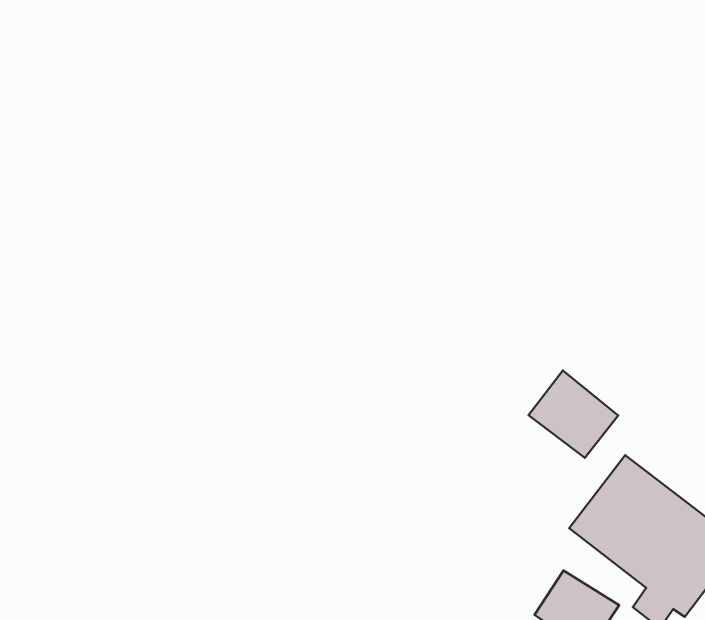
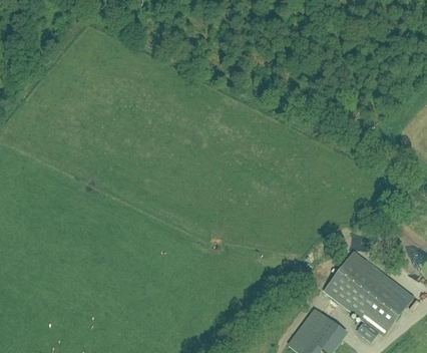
building: [528,370,618,458] -> none

